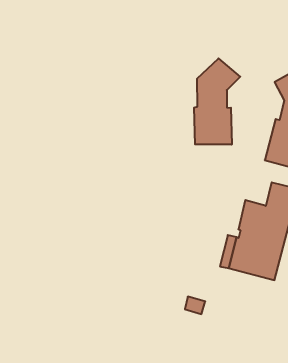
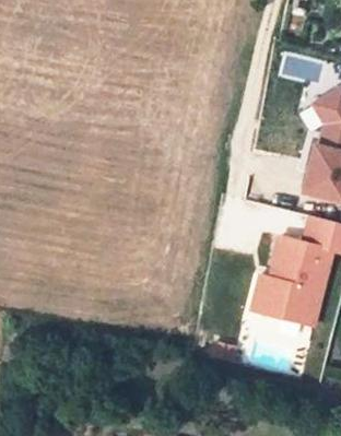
building: [194,58,240,145] -> none

